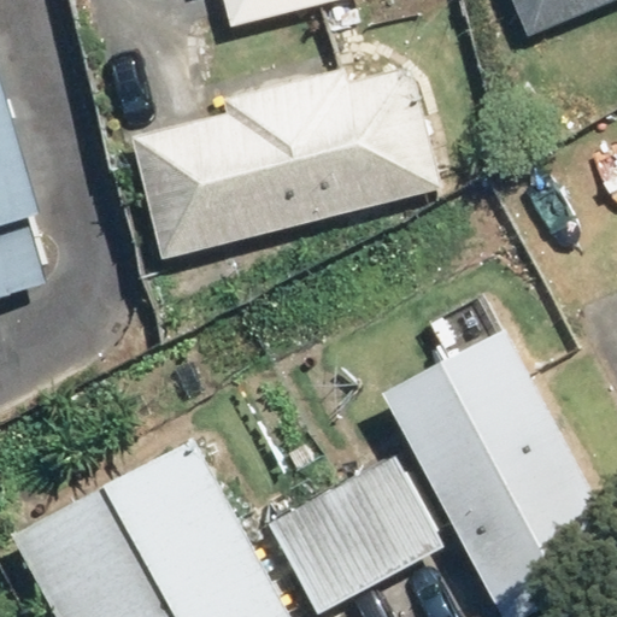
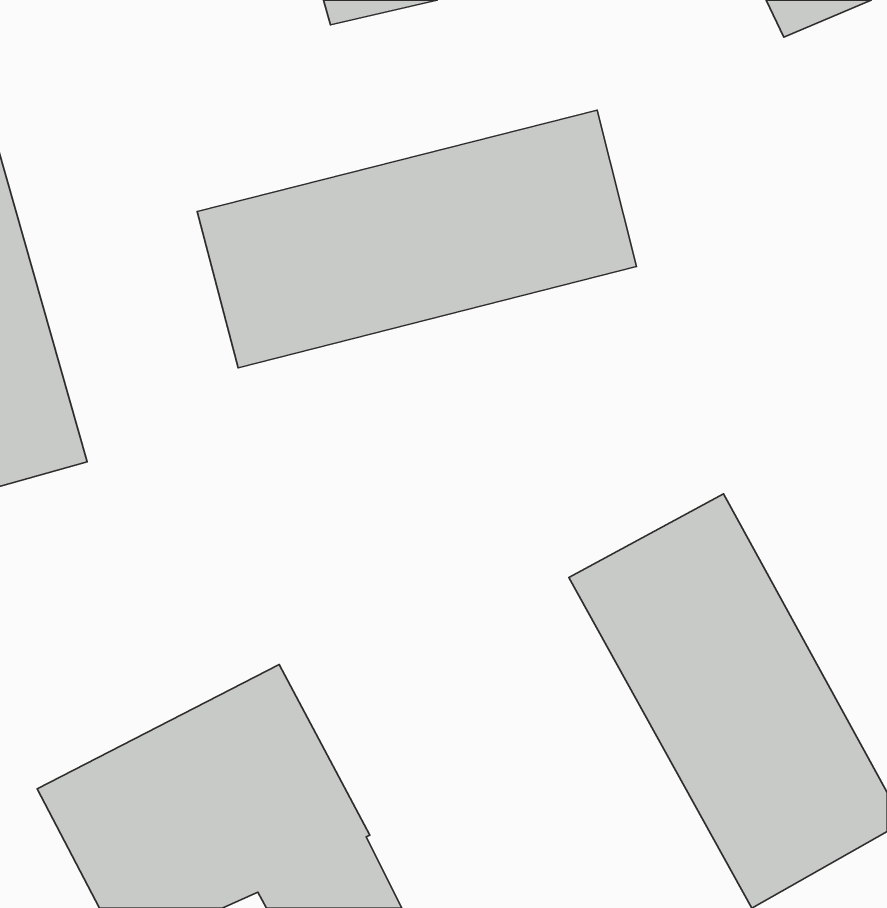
building: [275,468,431,606] -> none

